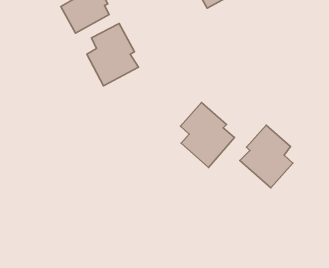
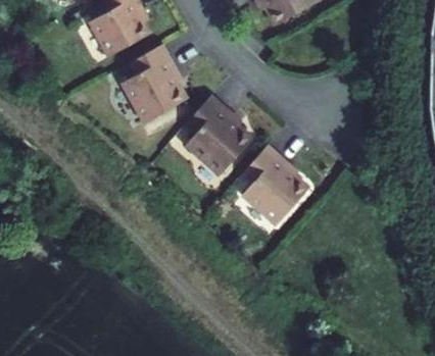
building: none -> [186,95,253,175]
building: [240,125,293,188] -> none

